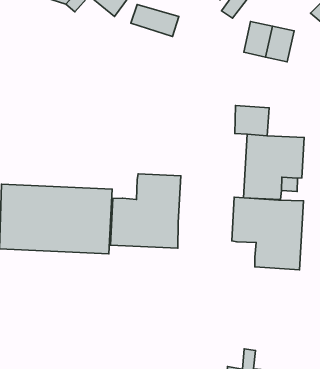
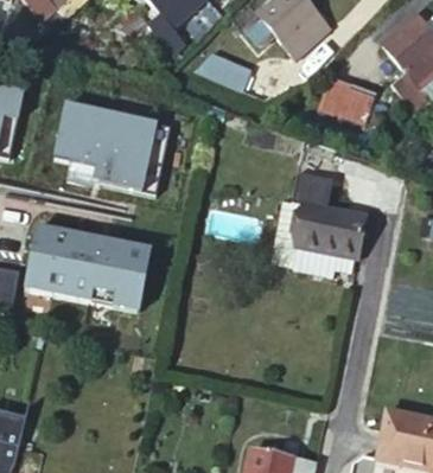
building: none -> [51,97,171,198]
building: [110,174,181,248] -> none
building: [232,197,303,270] -> none

